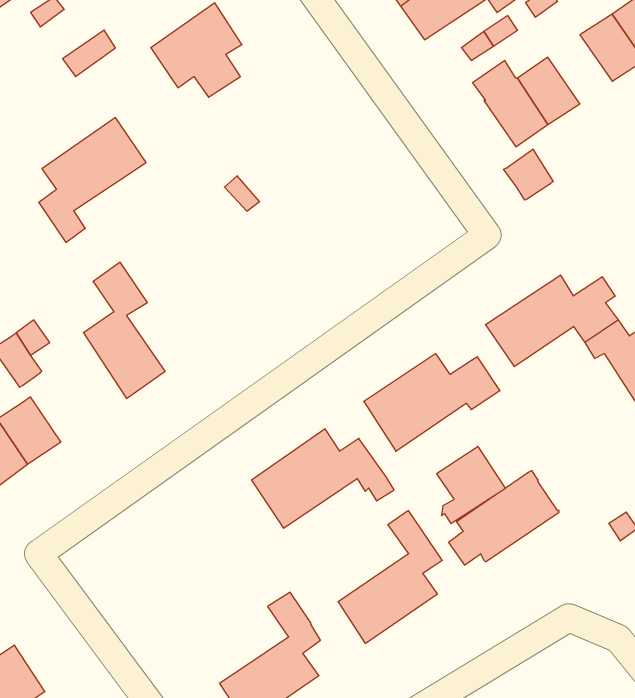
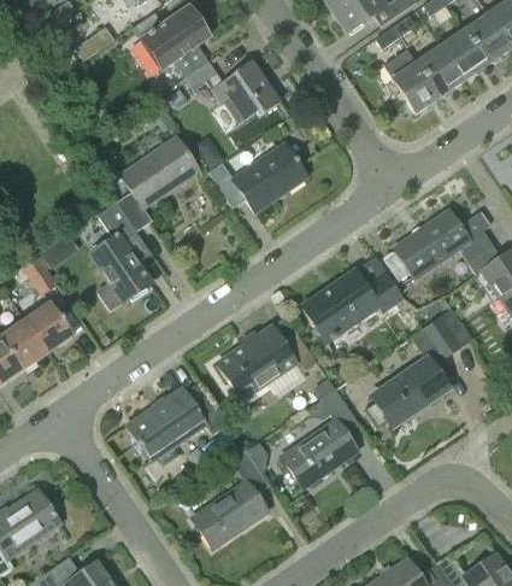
building: none -> [439,29,487,81]
building: none -> [183,60,279,119]
building: [39,118,146,242] -> [117,136,198,230]
building: [504,149,553,200] -> none
building: none -> [206,142,306,212]
building: [437,447,505,523] -> [420,306,472,364]
building: none -> [125,387,226,462]

